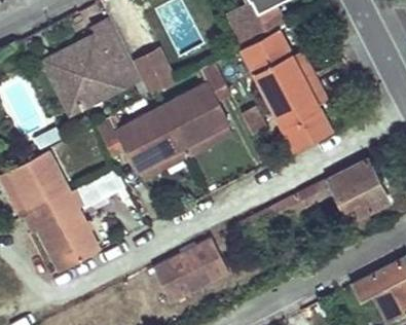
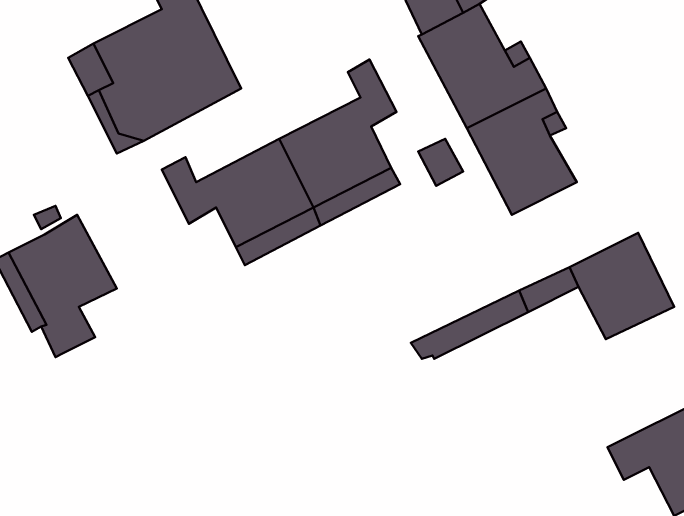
building: [134,48,178,96] -> none
building: [40,189,101,272] -> none
building: [152,238,229,304] -> none

